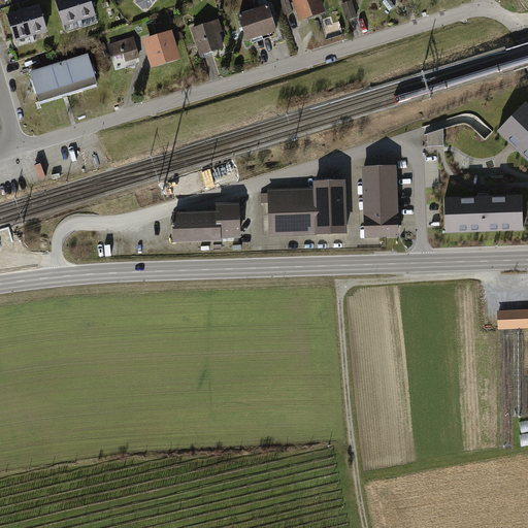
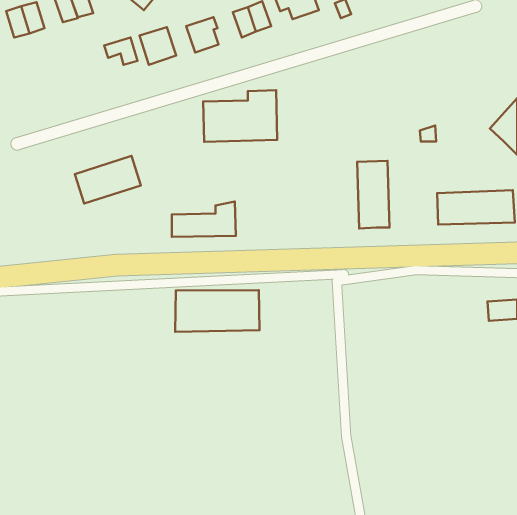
building: [30,56,97,104] -> [75,156,141,204]
building: [270,178,345,231] -> [203,90,277,142]
building: none -> [175,290,259,332]

